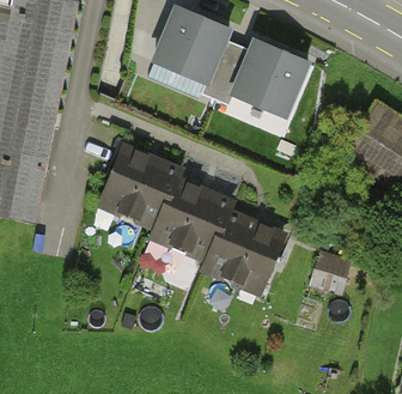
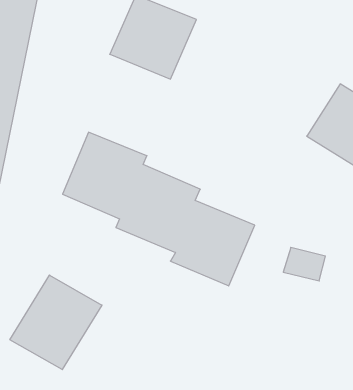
building: [225,44,307,126] -> none
building: none -> [10,275,102,370]

